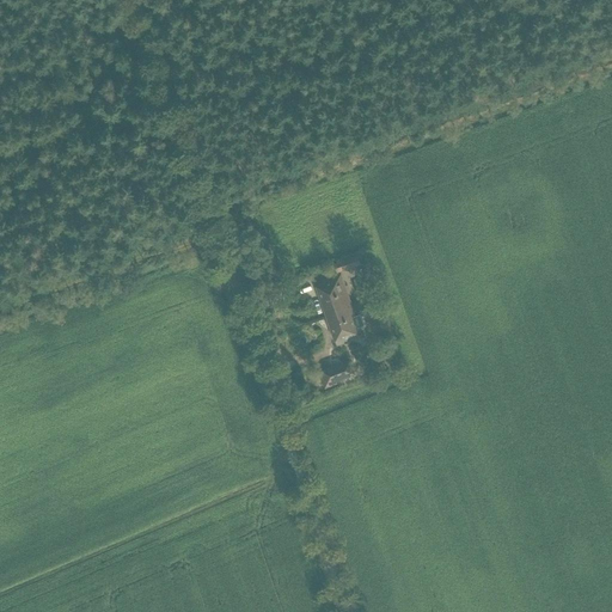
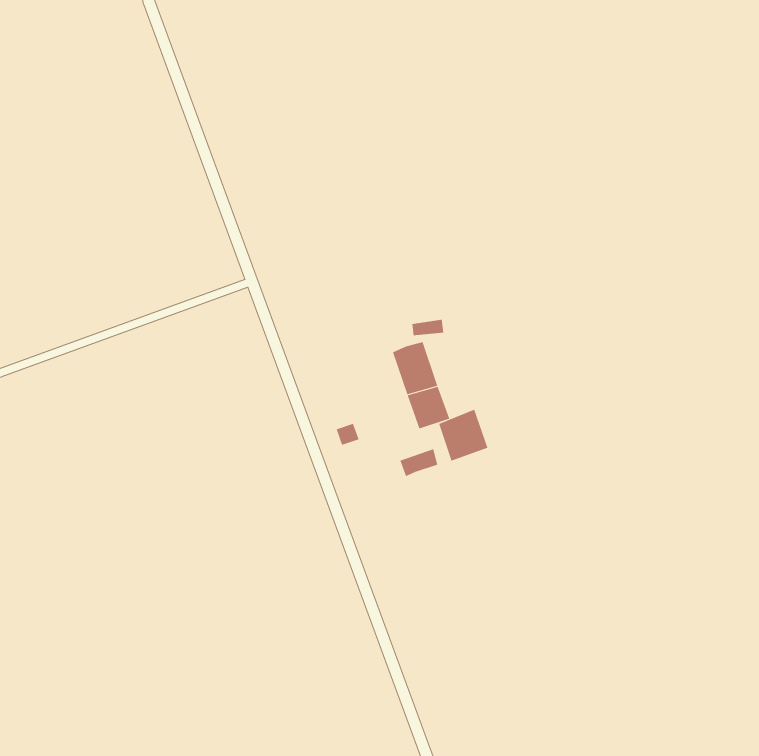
building: none -> [438,409,488,462]

